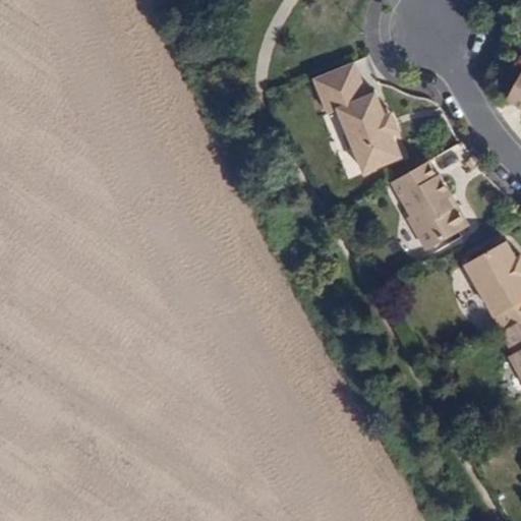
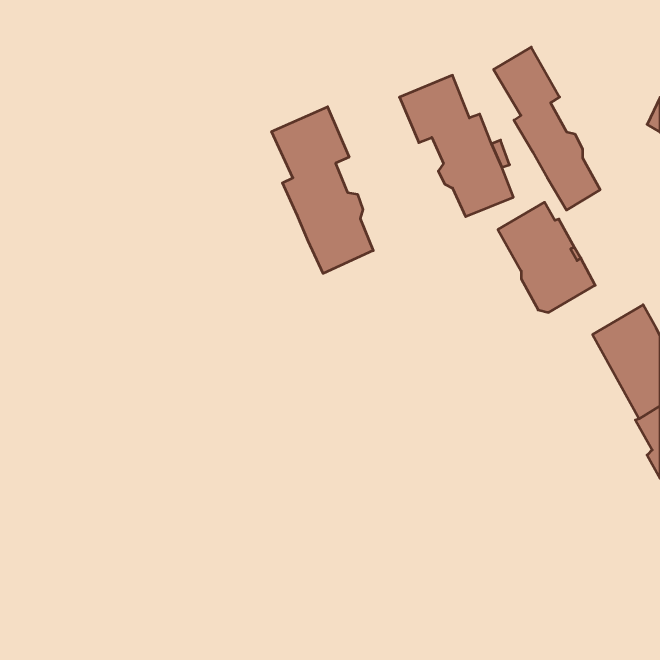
building: none -> [494,47,600,210]
building: none -> [272,107,373,273]

